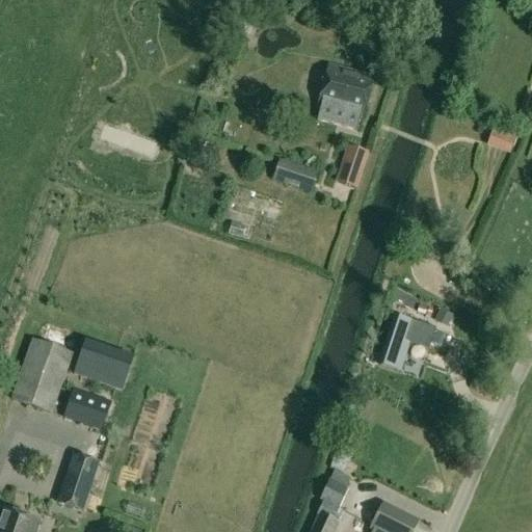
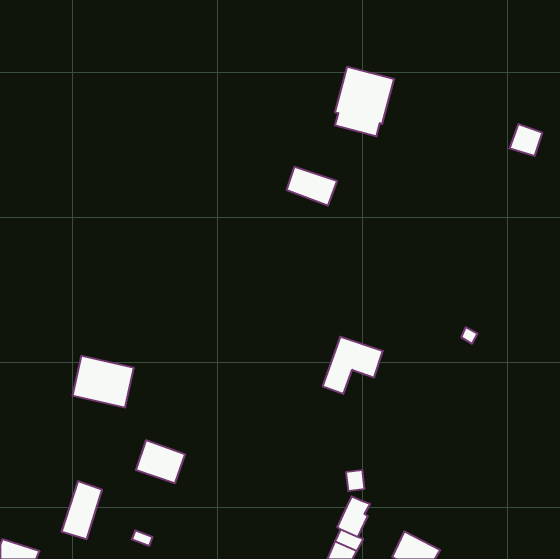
building: [339,144,370,183] -> none
building: [374,316,431,370] -> [323,337,383,394]
building: [14,341,71,413] -> none
building: [64,390,111,430] -> [136,440,185,483]

